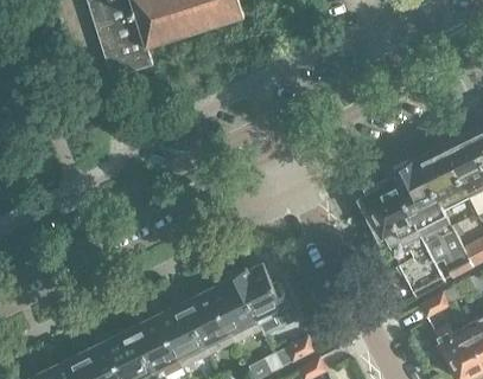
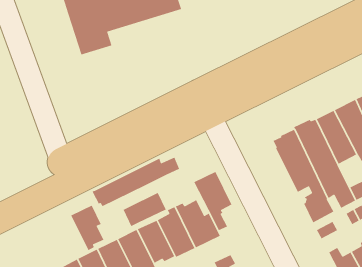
building: none -> [91,157,180,207]
building: none -> [193,171,233,231]
building: none -> [122,192,167,227]
building: none -> [70,204,104,251]

